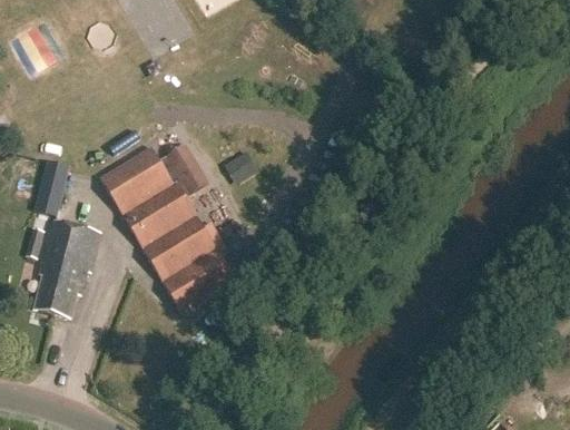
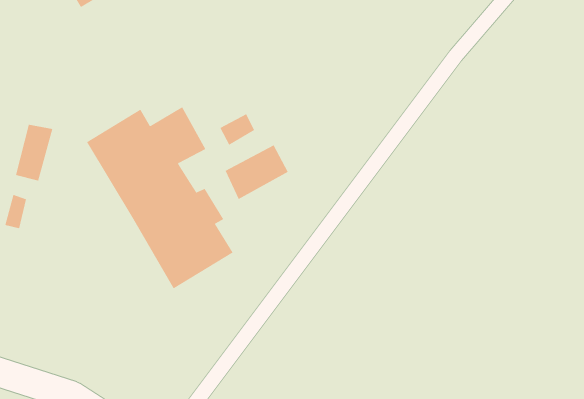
building: none -> [225,144,288,200]
building: [35,218,99,316] -> none

